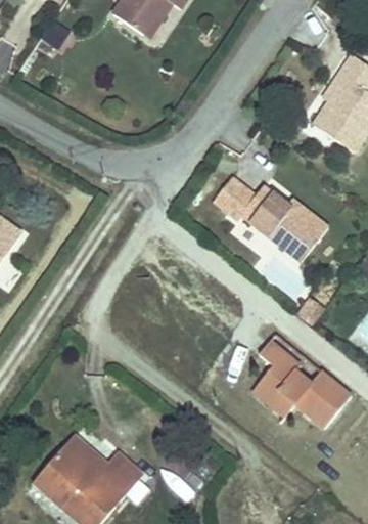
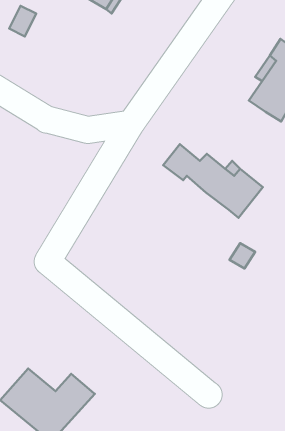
building: [250,336,351,428] -> none

